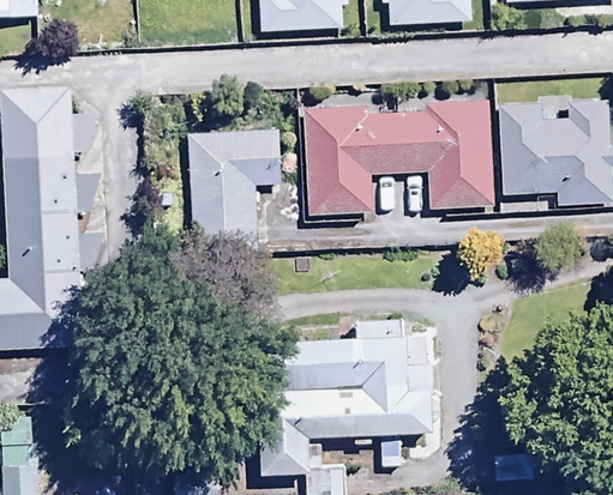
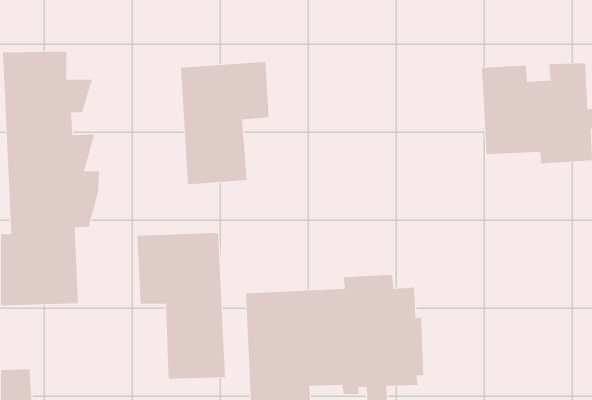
building: [300,77,489,197] -> none
building: none -> [137,232,226,380]

